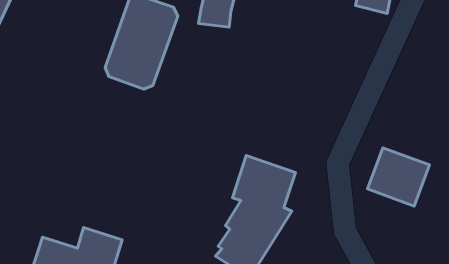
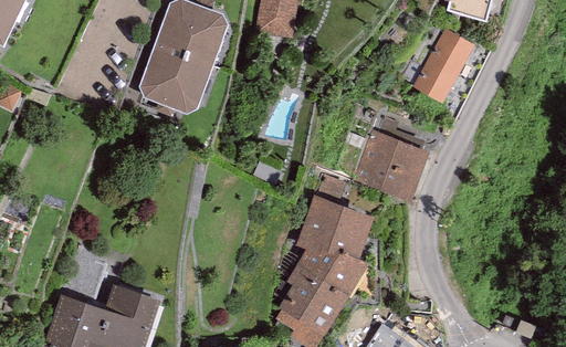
building: none -> [411,28,474,103]
building: [368,148,430,206] -> [353,130,429,202]

